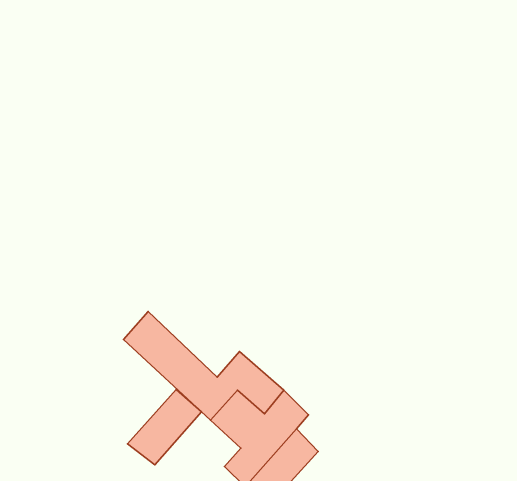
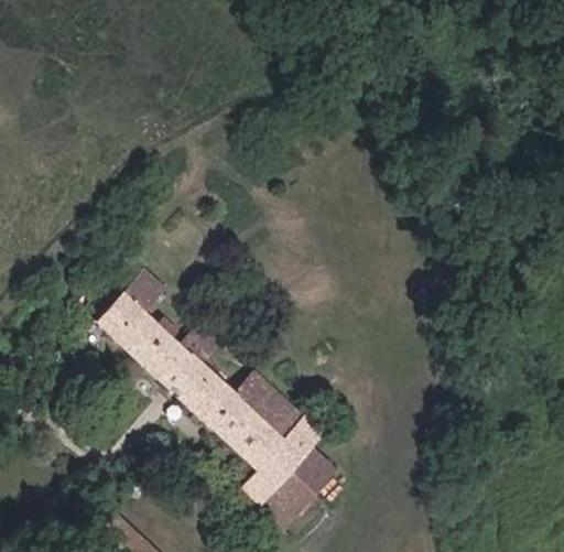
building: none -> [95,269,171,359]
building: [127,389,201,465] -> none

